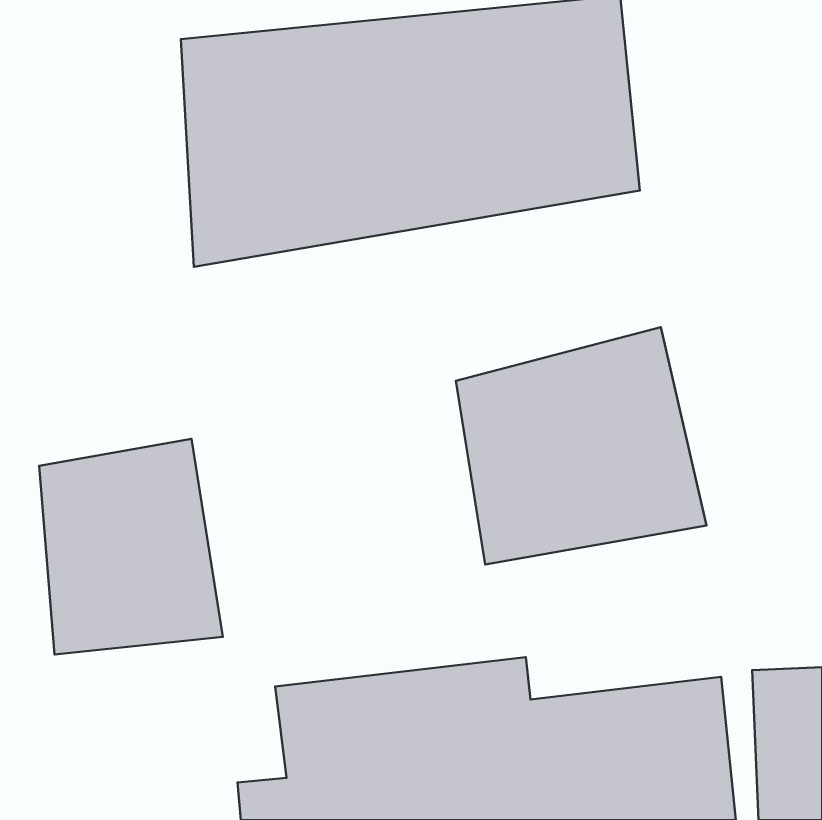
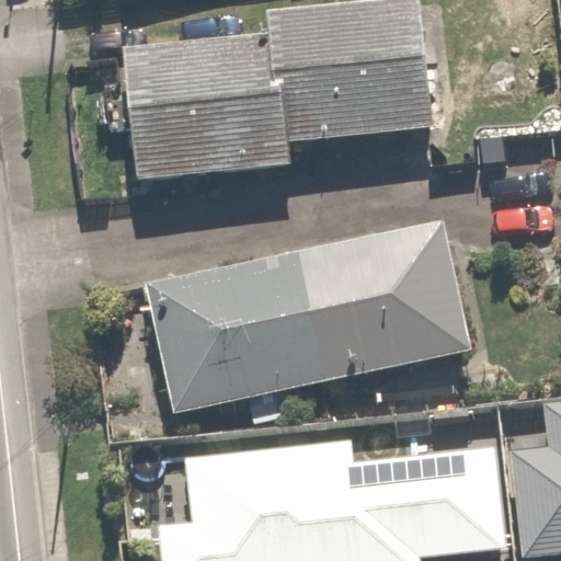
building: none -> [145,256,327,410]
building: [39,439,223,654] -> none

